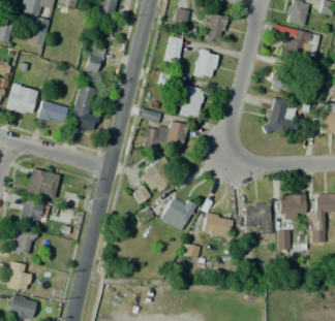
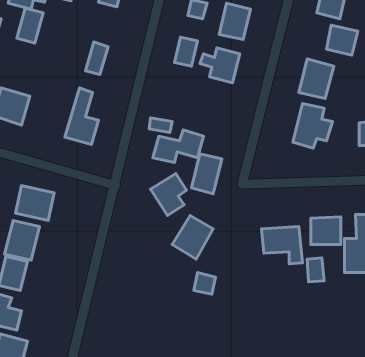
building: [178,85,204,119] -> [192,154,222,194]
building: [38,101,68,124] -> none
building: [202,213,230,237] -> none

